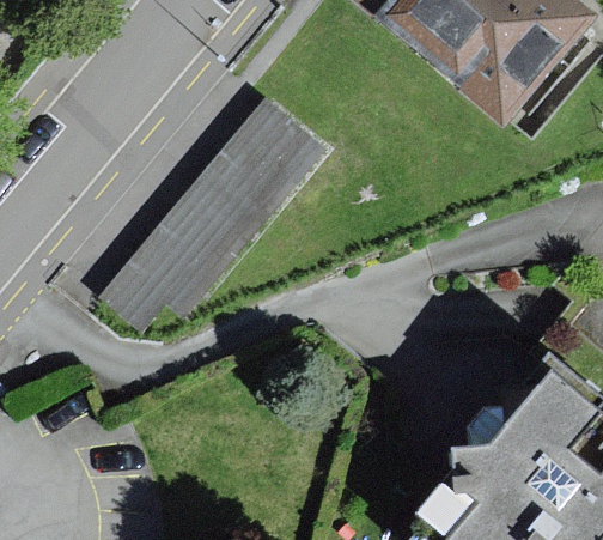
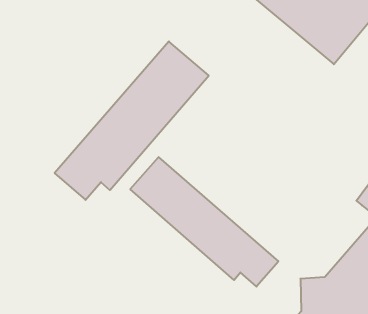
building: none -> [130,157,278,287]

